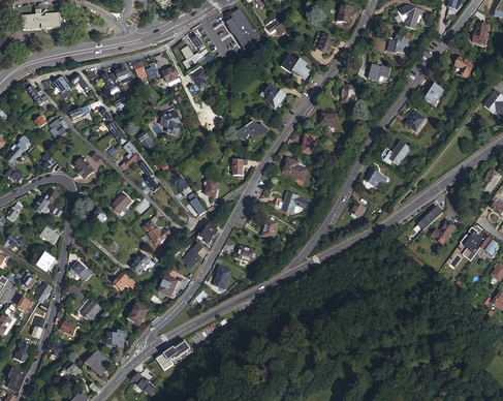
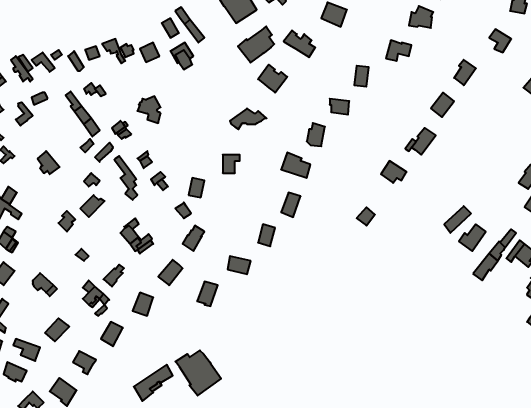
building: none -> [238,26,274,63]
building: none -> [175,350,221,396]

